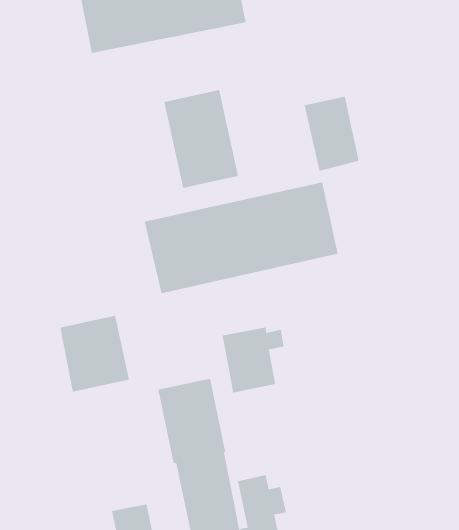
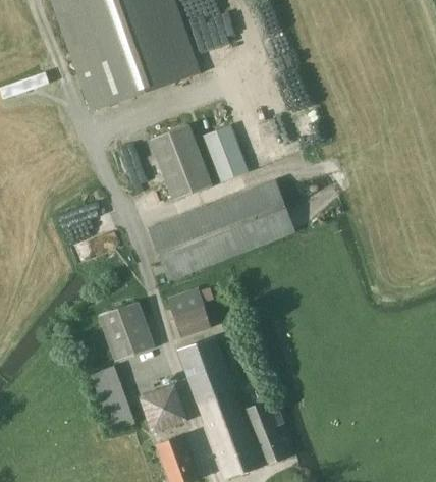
building: [304,96,359,171] -> [202,123,249,181]
building: [222,327,284,393] -> [167,285,214,337]
building: none -> [91,364,135,431]
building: none -> [140,382,189,432]

